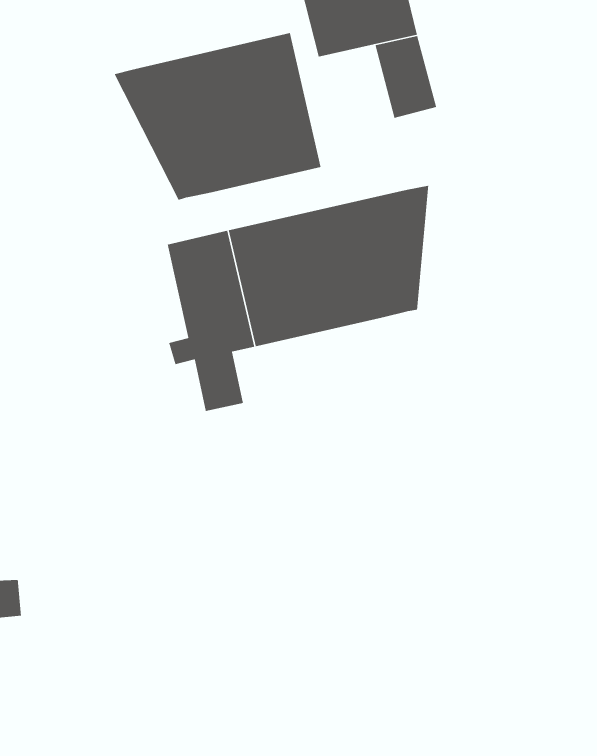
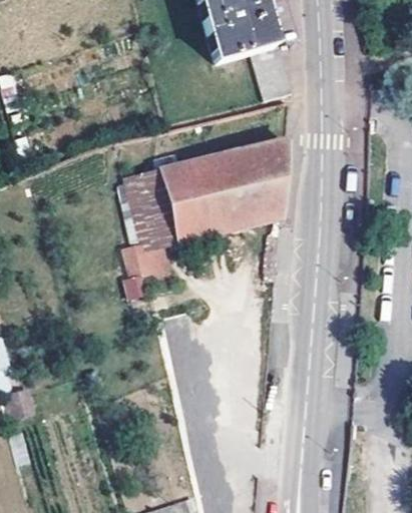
building: [114,32,322,201] -> none

